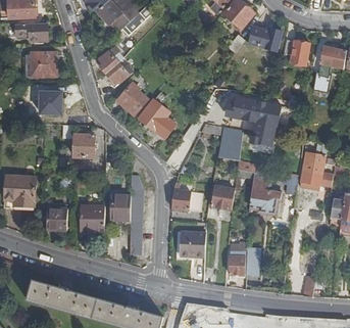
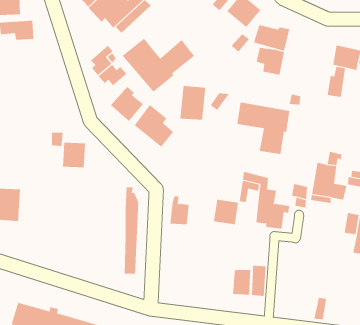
building: none -> [122,38,195,93]
building: [283,40,309,65] -> [256,47,285,75]
building: [30,52,56,77] -> none
building: [39,91,61,113] -> none
building: [219,127,244,158] -> [179,85,206,120]
building: [111,195,130,220] -> none
building: [80,205,104,231] -> none
building: [46,207,67,230] -> none
building: [179,231,205,257] -> none

